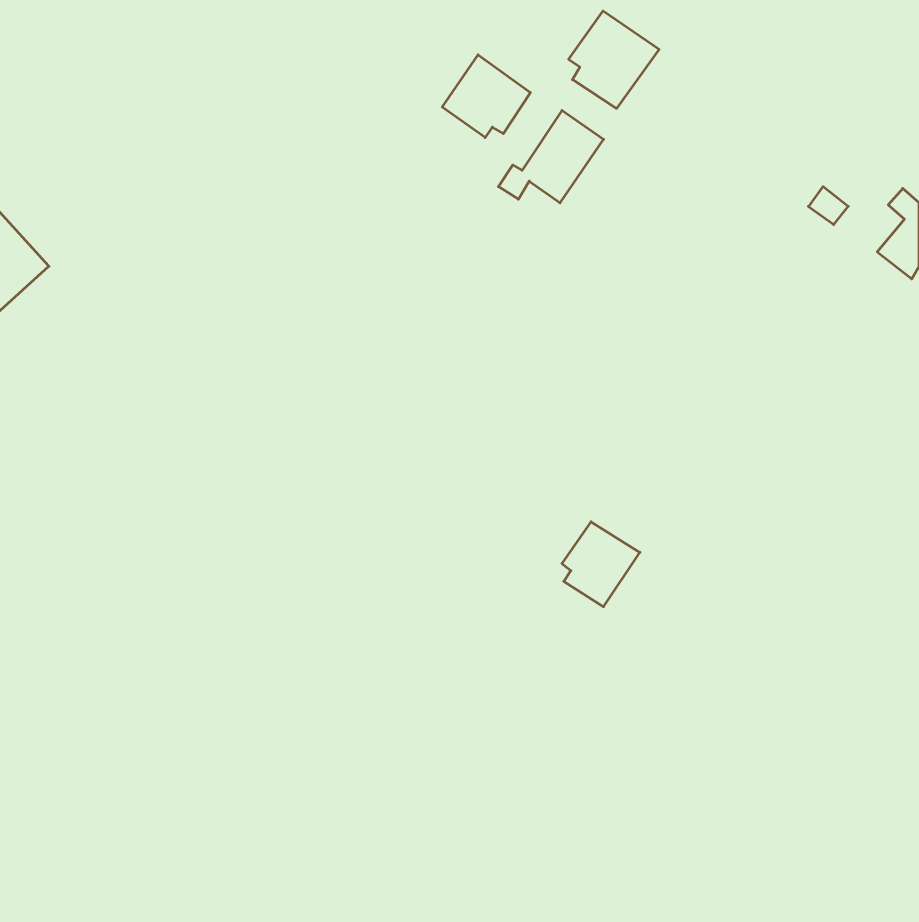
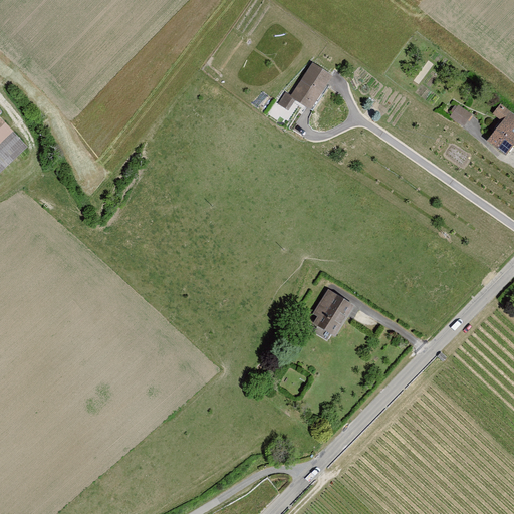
building: [569,11,659,108] -> none
building: [442,55,530,138] -> none

